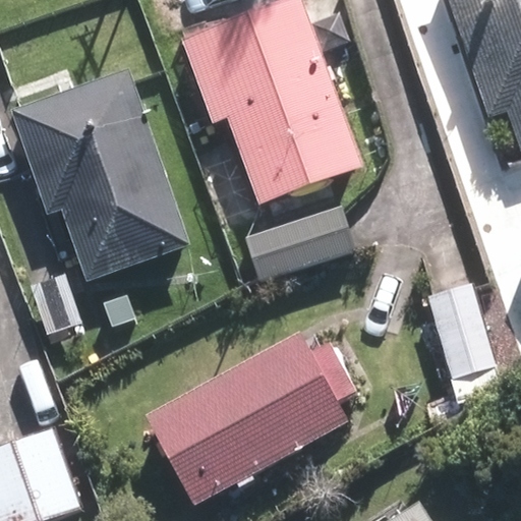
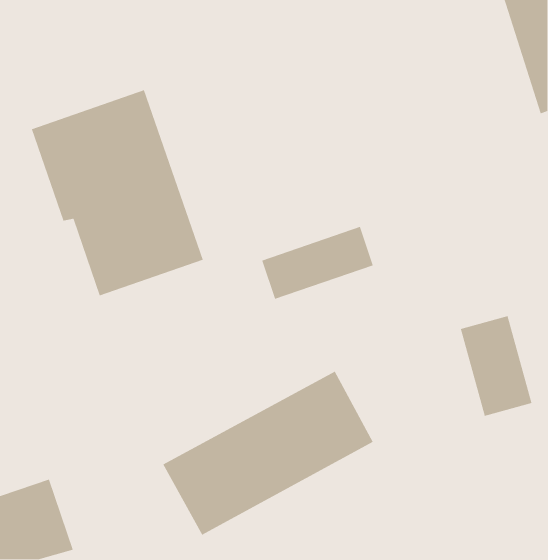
building: [200,8,358,191] -> none

